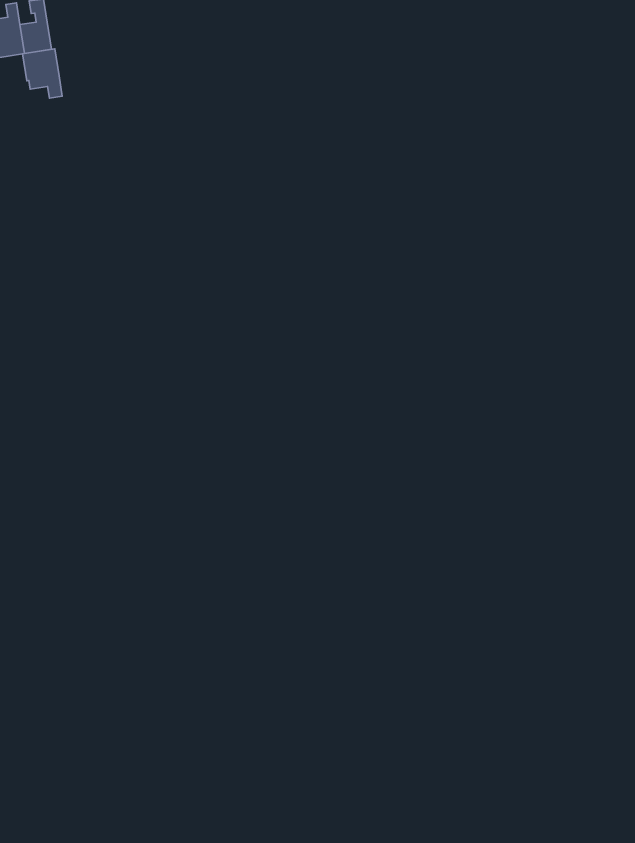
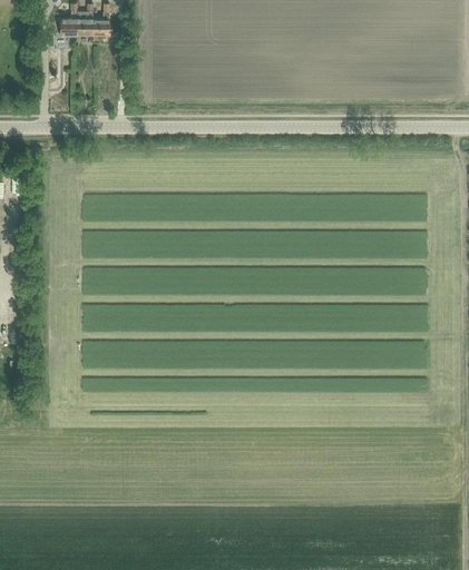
building: [23,49,62,98] -> none

